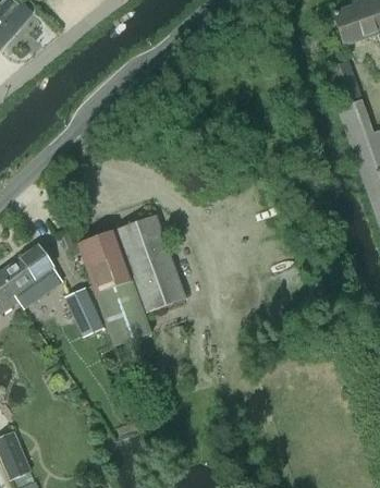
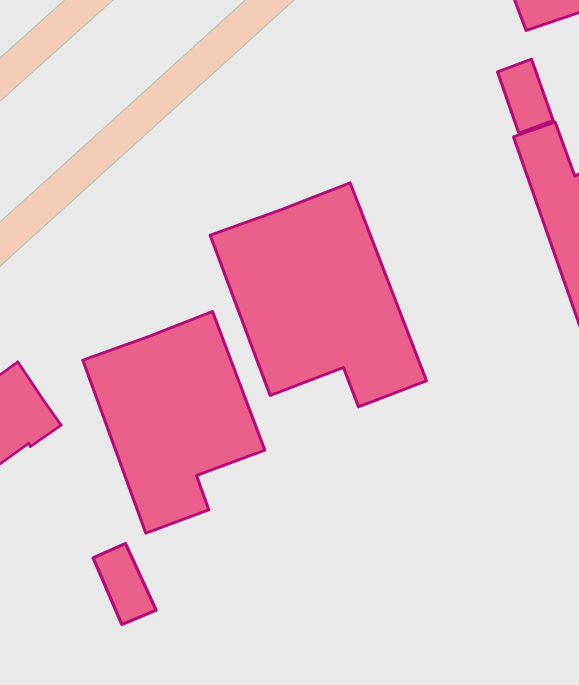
building: none -> [210,183,427,407]
building: [65,286,103,336] -> [93,544,156,625]

